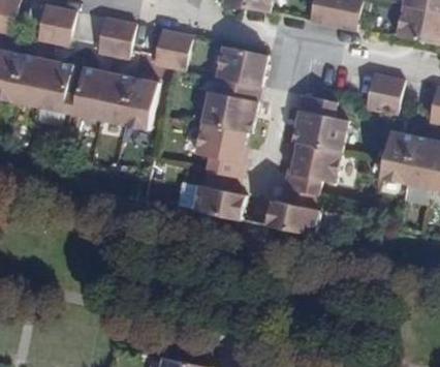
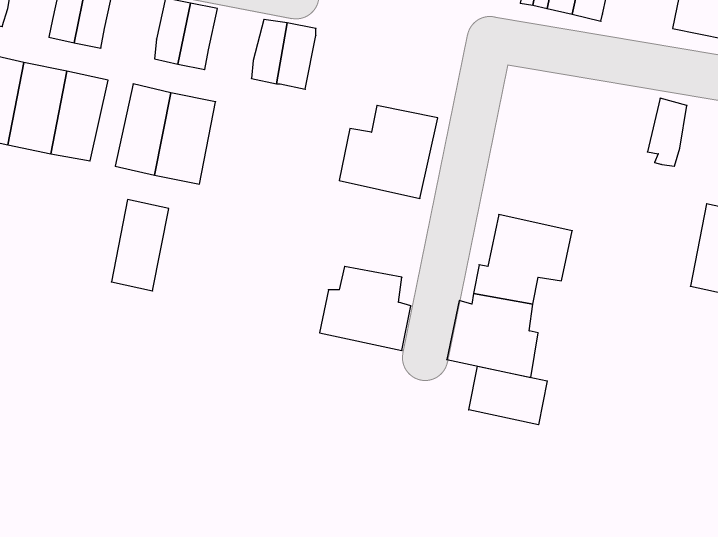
building: [215,47,266,88] -> none
building: [123,79,156,131] -> [111,200,169,291]
building: [290,95,345,153] -> none
building: [197,124,250,180] -> none
building: [382,133,415,185] -> none
building: none -> [469,366,547,425]

